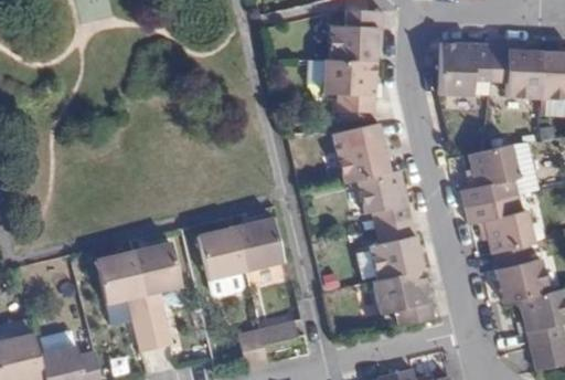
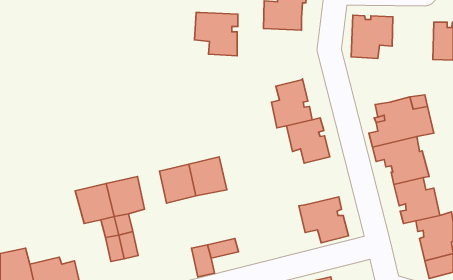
building: [488,45,540,98] -> none
building: [321,60,375,114] -> [194,12,238,56]
building: [373,220,422,279] -> none

